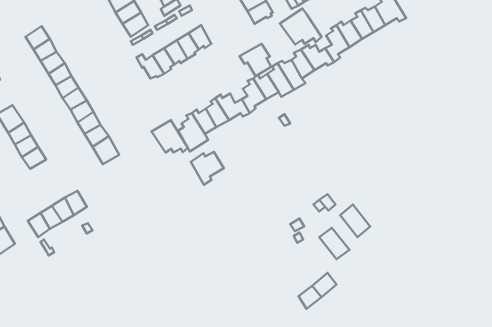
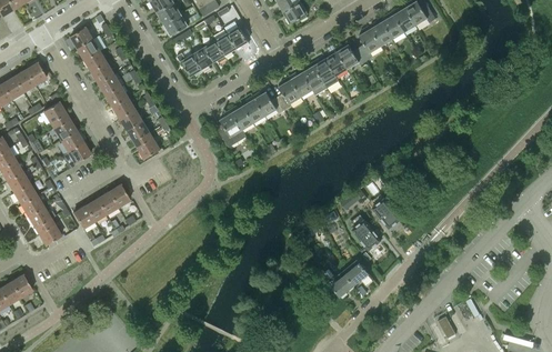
building: [280,9,322,45] -> none
building: [239,44,271,76] -> none
building: [152,120,188,153] -> none
building: [191,152,224,185] -> none

